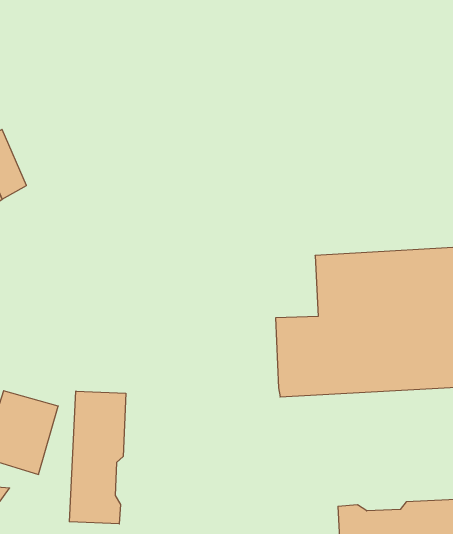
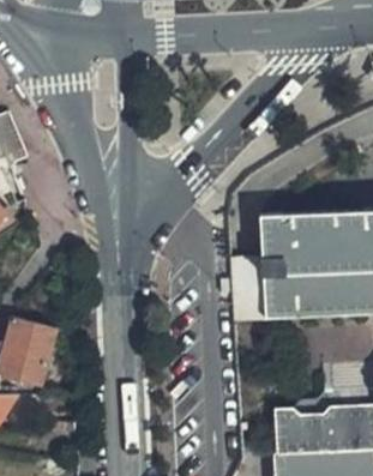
building: [69,391,126,524] -> none

